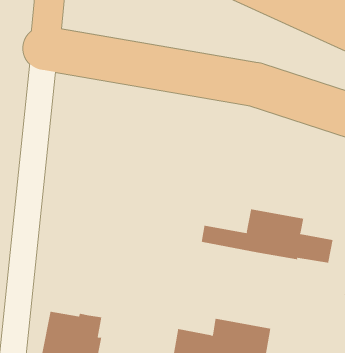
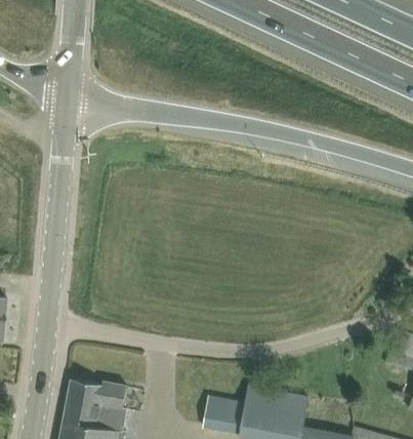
building: [201,208,333,264] -> none

